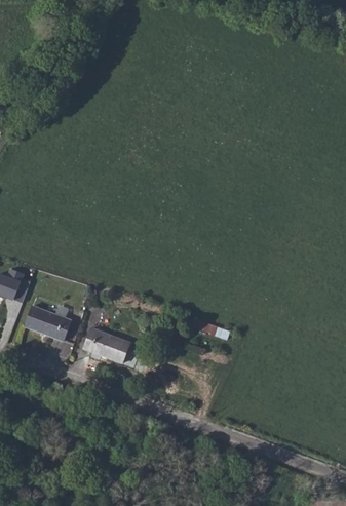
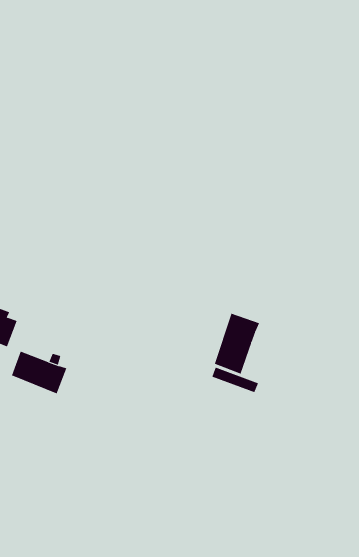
building: none -> [214,313,260,374]
building: [83,327,129,362] -> none

